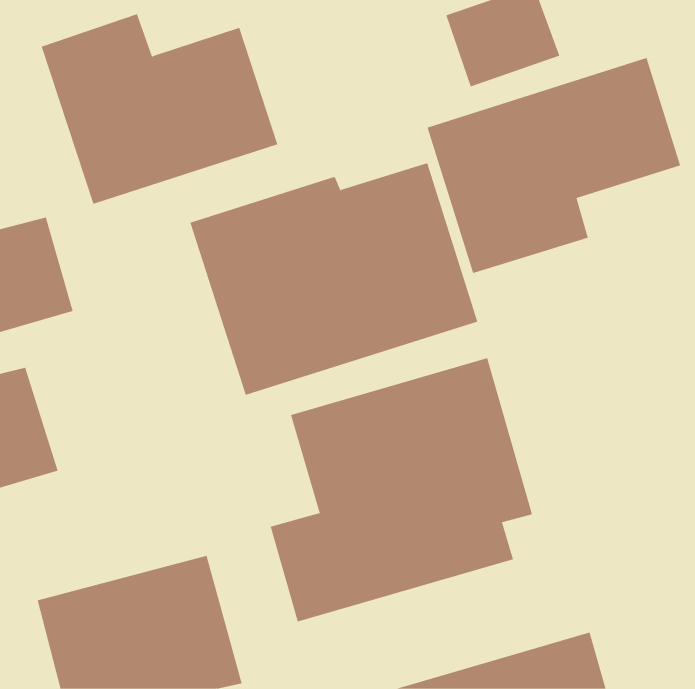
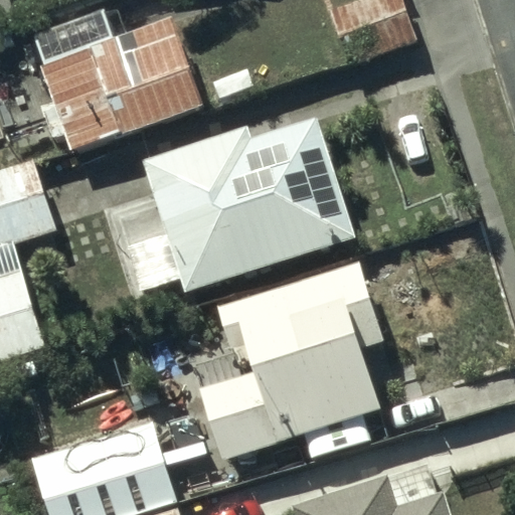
building: [427,57,681,274] -> none

